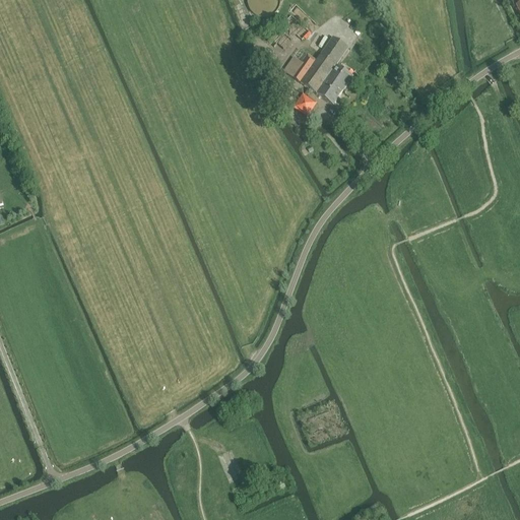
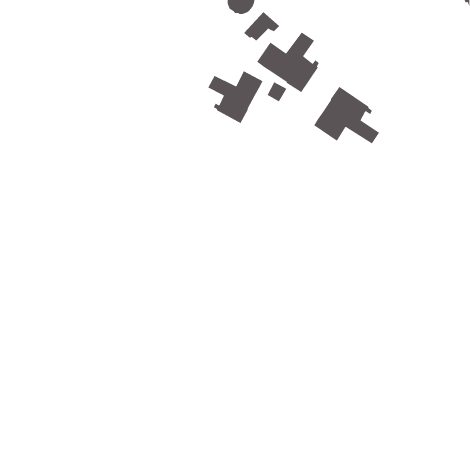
building: none -> [207,70,263,124]
building: none -> [313,86,380,144]

